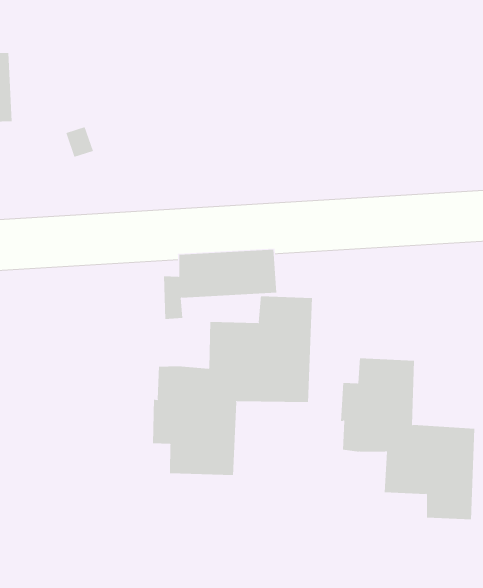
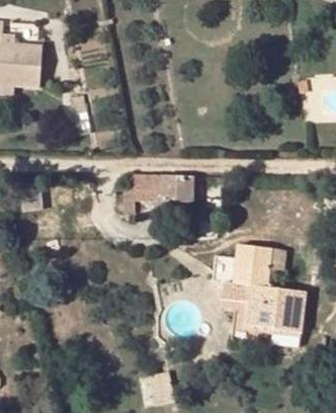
building: [153,296,313,476] -> none

